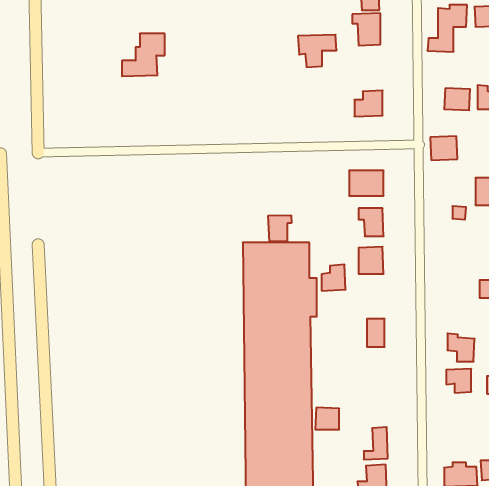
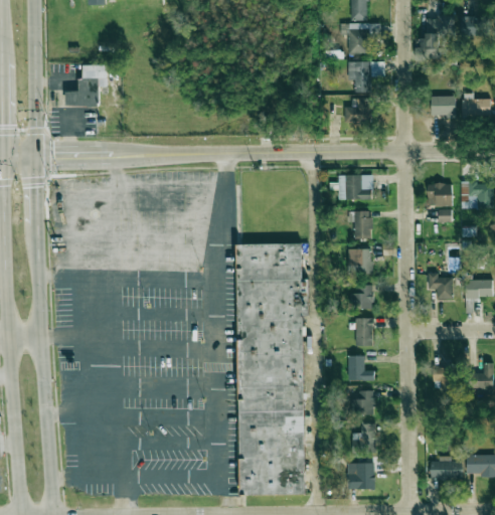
building: [122,34,165,76] -> [65,65,107,107]
building: [298,35,337,67] -> [347,61,384,93]
building: [430,136,457,160] -> [427,183,453,206]
building: [268,215,291,241] -> none
building: [322,265,346,291] -> [350,285,373,310]
building: [447,333,475,362] -> [428,273,454,300]
building: none -> [348,355,374,380]
building: [315,408,339,429] -> [351,392,374,413]

